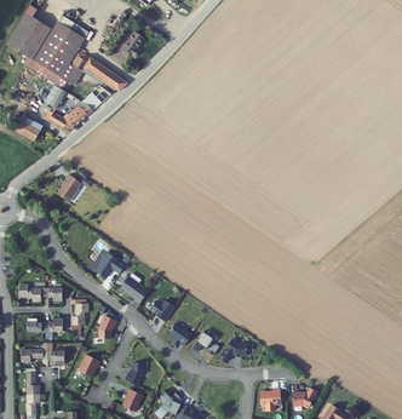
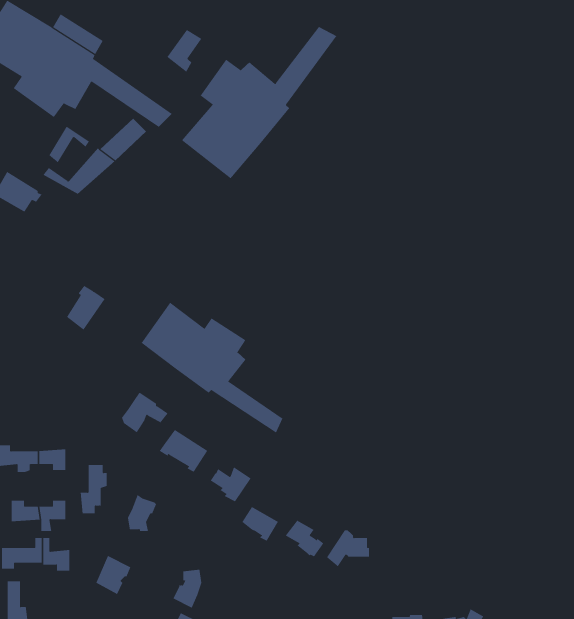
building: none -> [181,26,337,179]
building: none -> [141,302,283,434]

